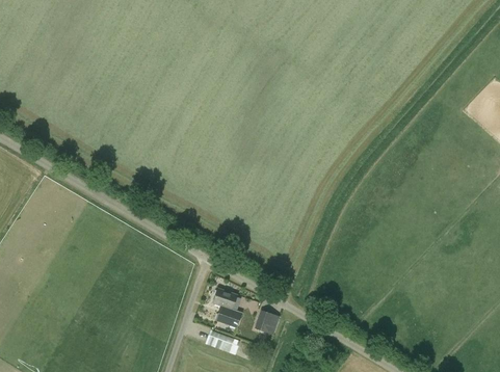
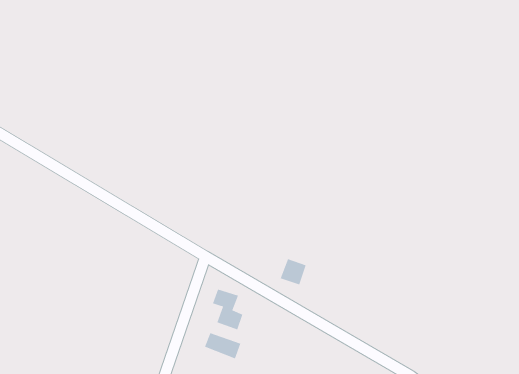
building: [254,310,279,335] -> [280,258,306,285]

